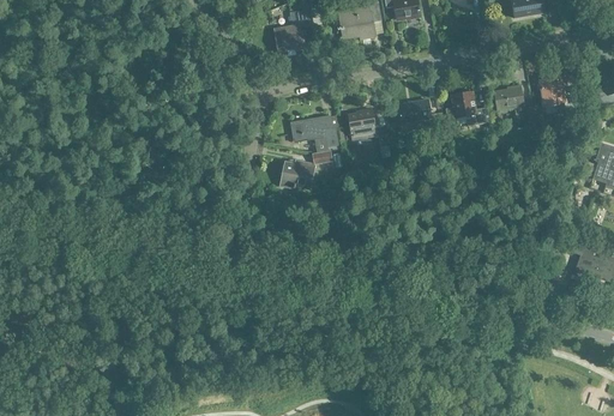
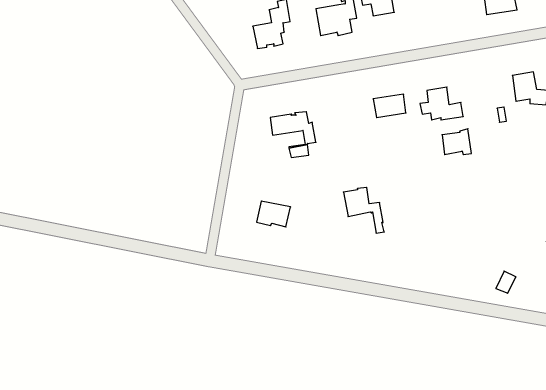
building: [494,84,524,110] -> [442,129,471,155]
building: [348,109,390,156] -> [343,187,384,233]
building: [279,162,314,188] -> [257,201,291,227]

